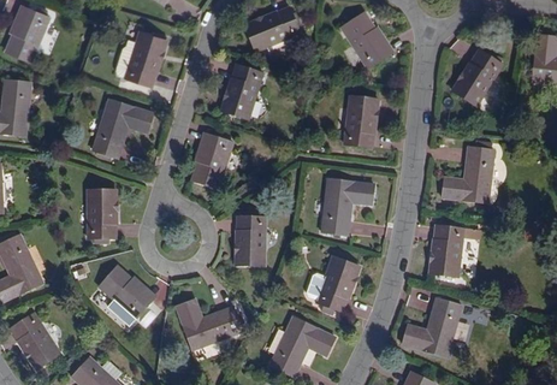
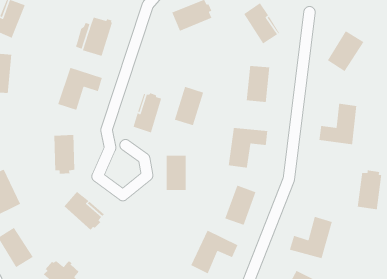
building: [221,65,262,119] -> [174,86,204,126]
building: [429,223,463,277] -> [357,170,382,210]
building: [176,298,243,350] -> none

